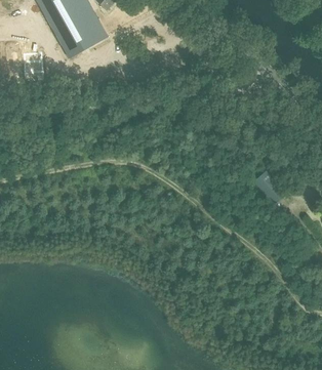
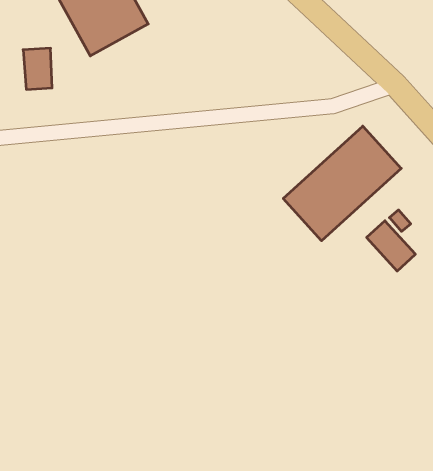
building: none -> [283,126,401,241]

